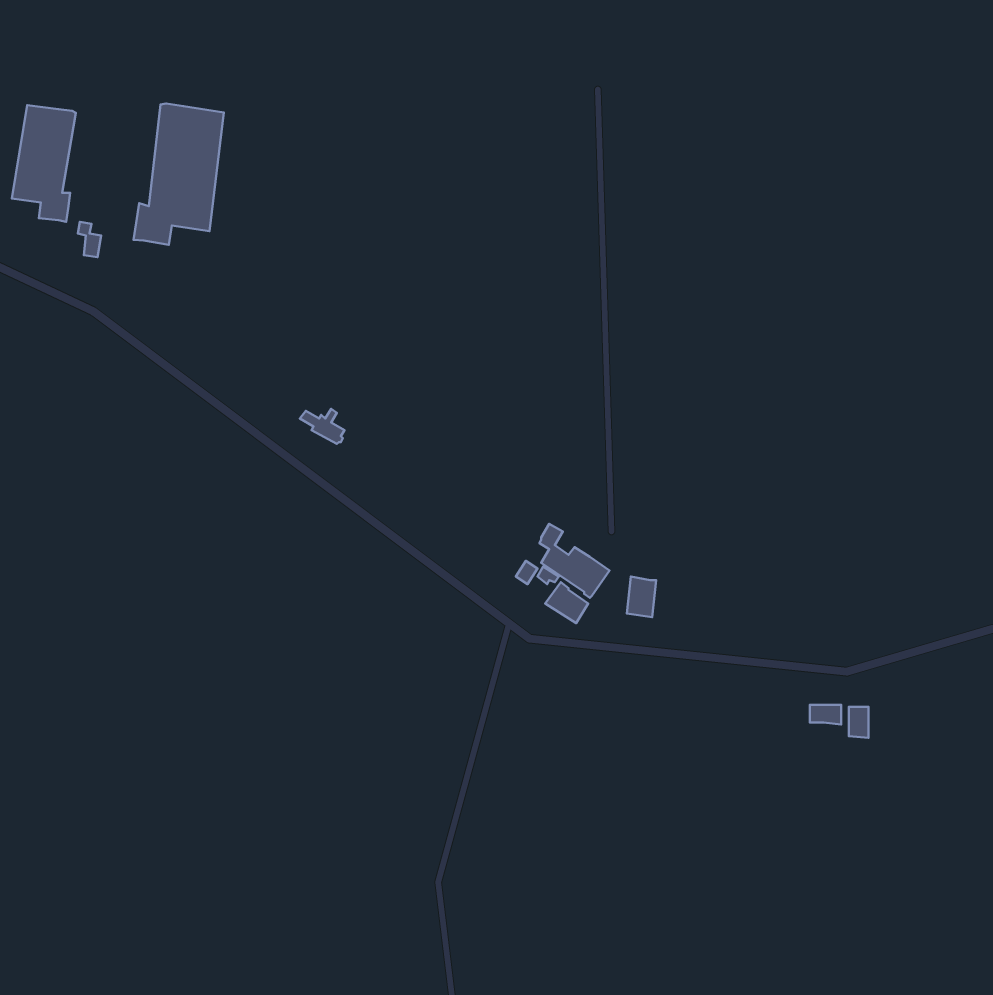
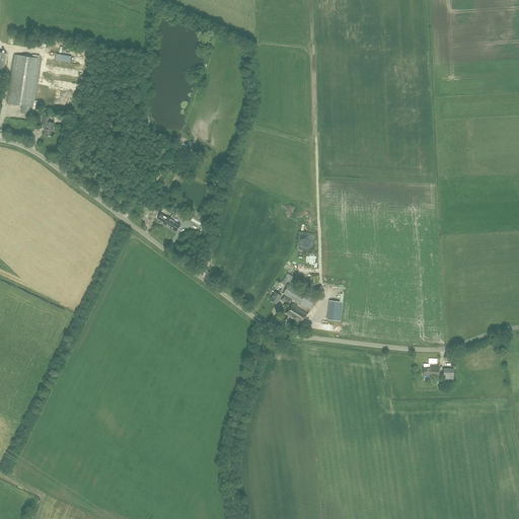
building: [134,104,224,245] -> none

